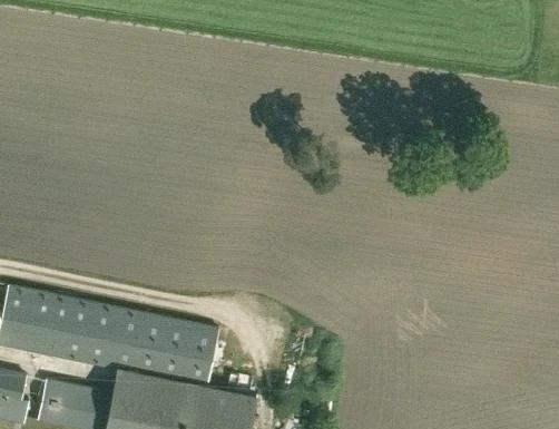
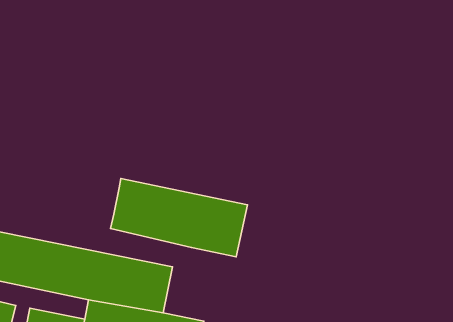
building: none -> [111,179,247,257]

